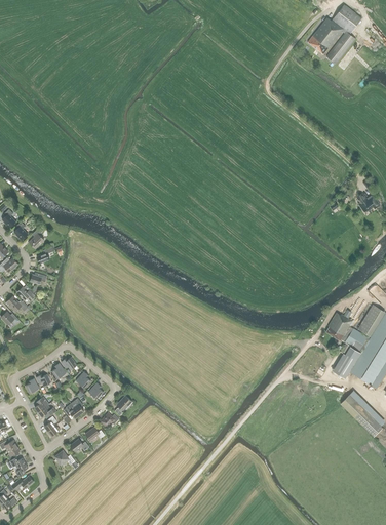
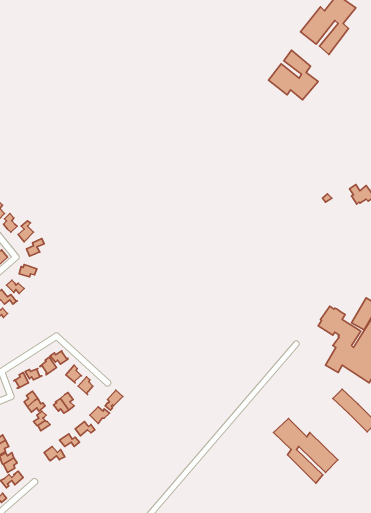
building: none -> [268,50,318,100]
building: none -> [273,419,338,483]

